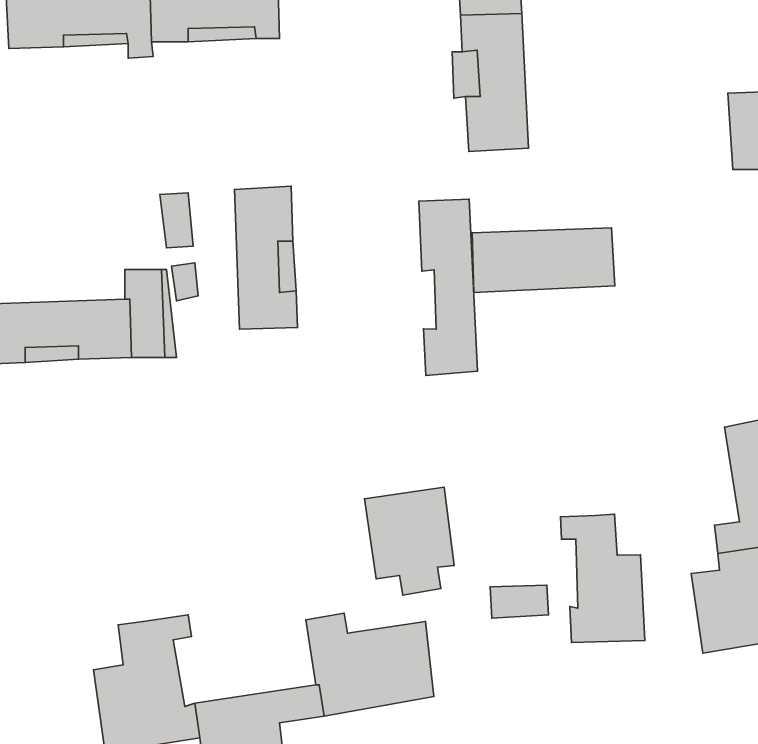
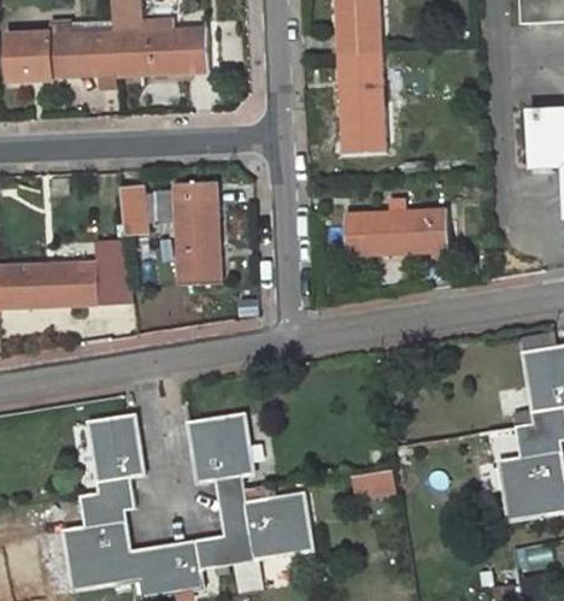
building: [419,199,477,375] -> none
building: [365,487,454,595] -> [195,414,260,493]
building: none -> [95,416,148,494]
building: [561,514,645,642] -> none

